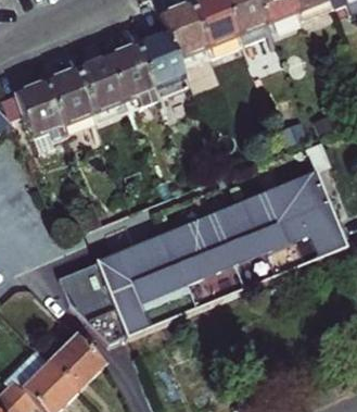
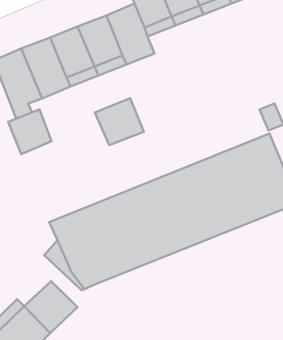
building: none -> [95,98,144,145]
building: none -> [8,110,51,154]

